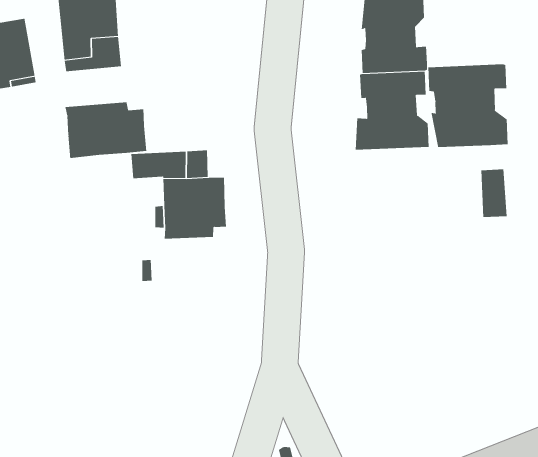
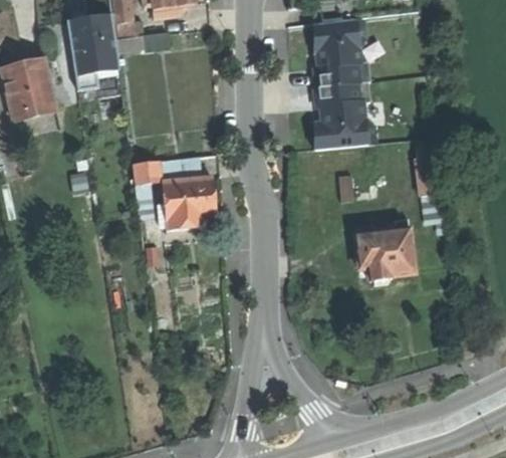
building: [428,64,508,148] -> none
building: [65,101,147,159] -> none
building: none -> [356,219,416,284]

